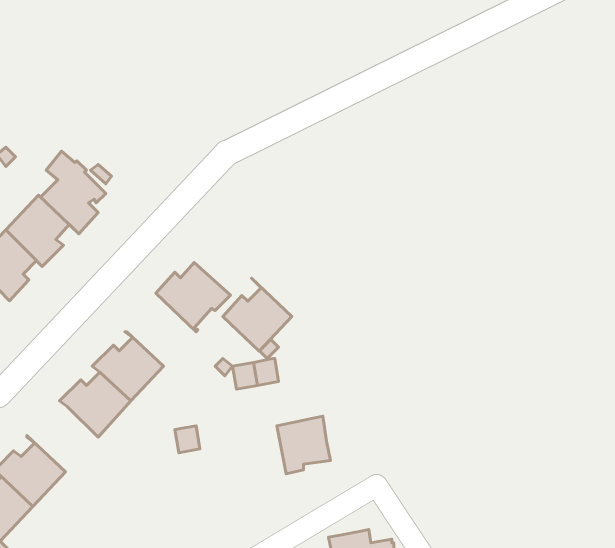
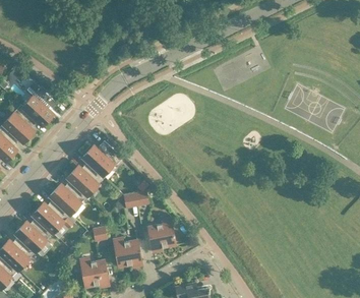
building: [223,278,292,351] -> [68,157,105,195]
building: none -> [15,217,53,256]
building: none -> [114,239,142,267]
building: none -> [81,259,110,287]

